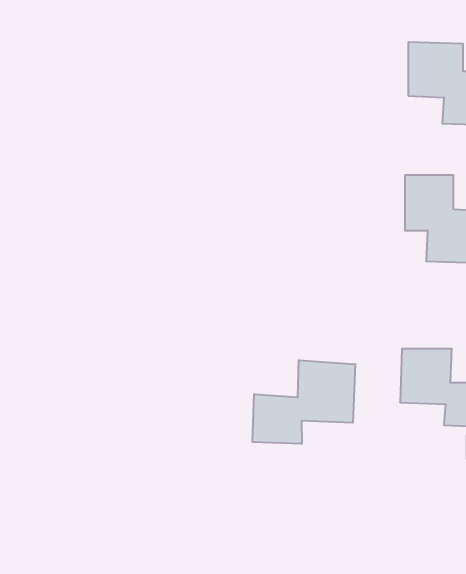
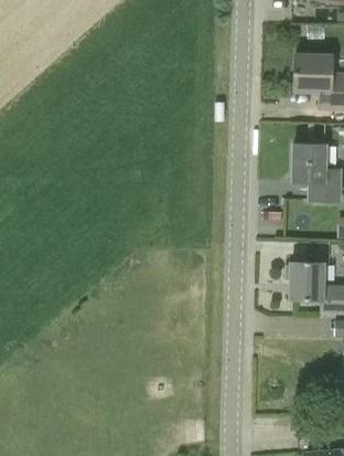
building: [252,360,355,444] -> none

